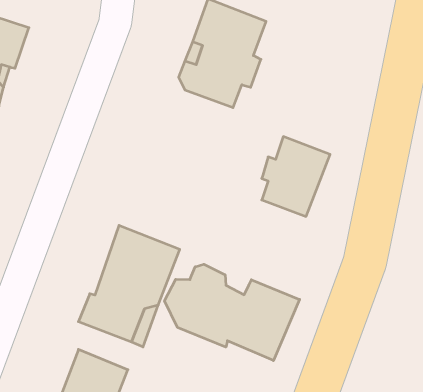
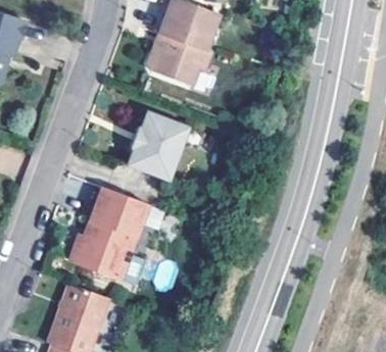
building: [262,137,330,216] -> [131,112,186,177]
building: [165,264,300,361] -> none

